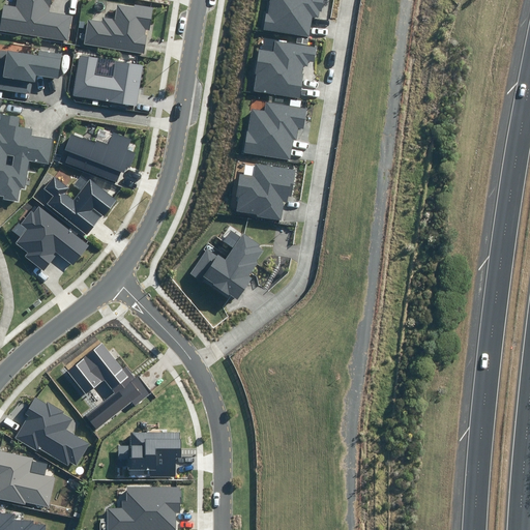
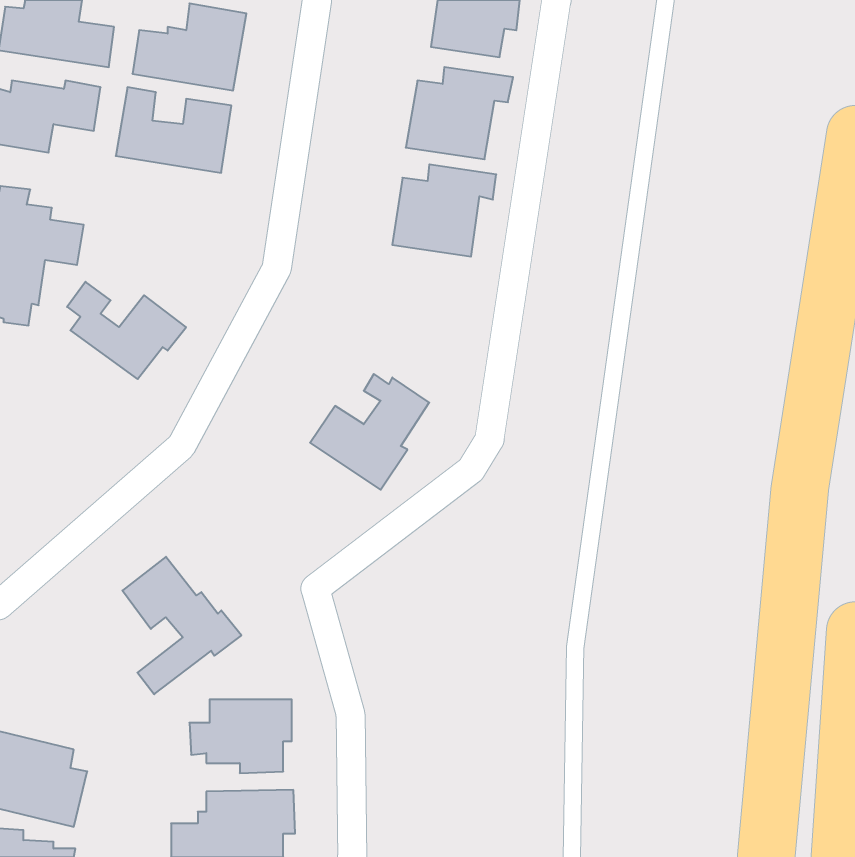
building: [63,130,135,181] -> none
building: [234,165,297,219] -> none
building: [13,207,87,271] -> none
building: [14,398,88,465] -> none

